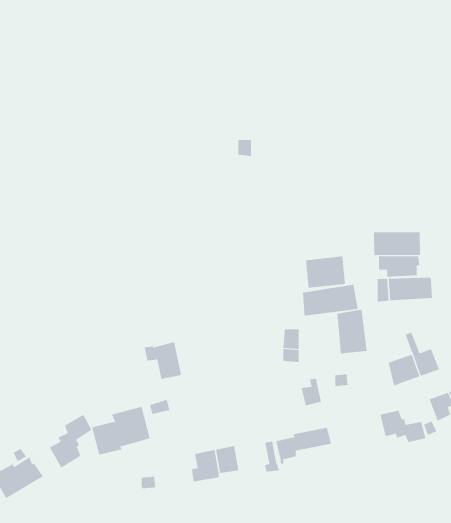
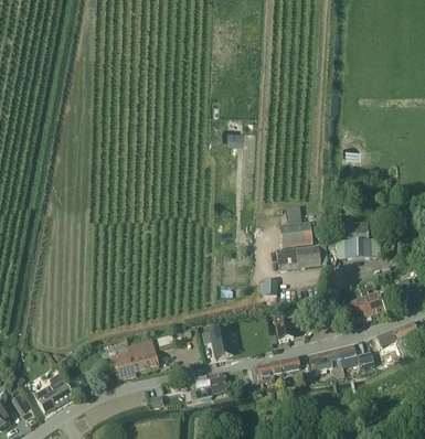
building: [374,232,421,256] -> none
building: [337,309,367,354] -> none
building: [144,342,182,379] -> [202,328,232,357]
building: [49,414,92,468] -> none
building: none -> [301,346,344,381]

